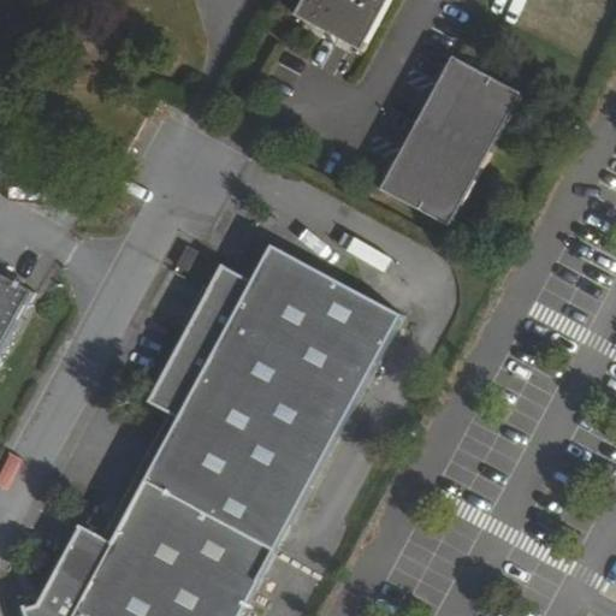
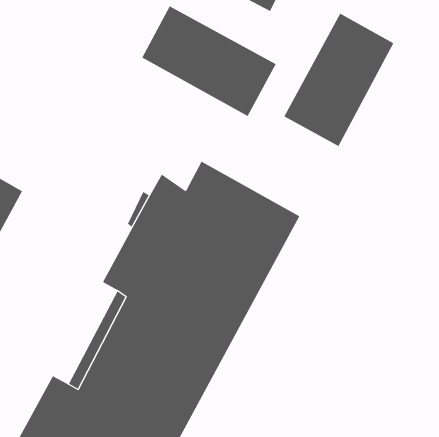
building: none -> [142,5,276,117]

